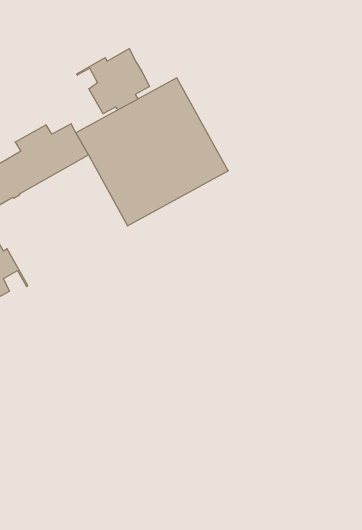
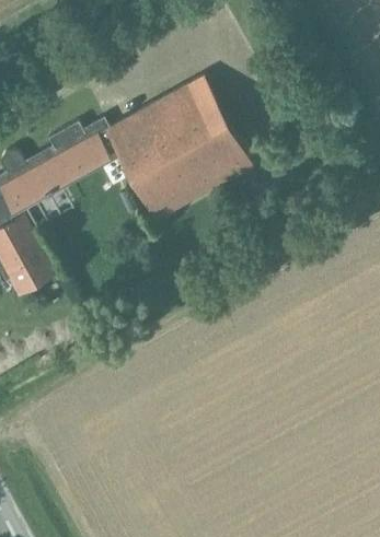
building: [77,49,150,114] -> none

